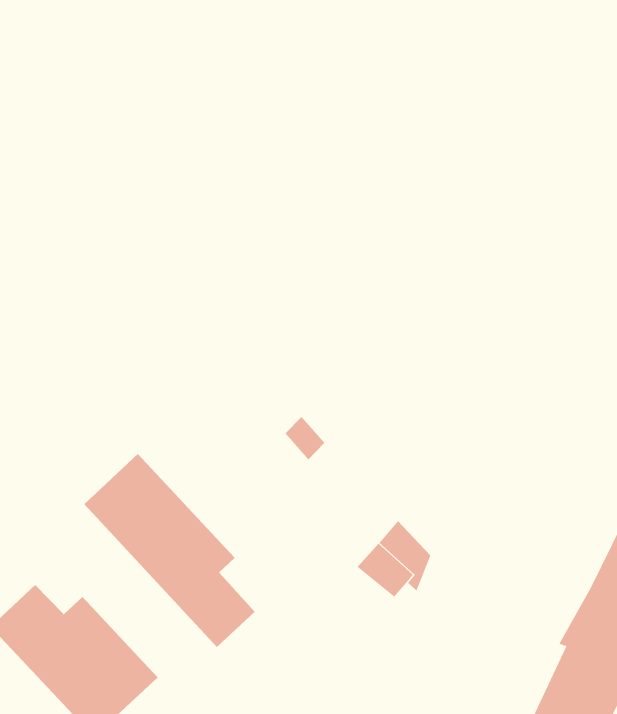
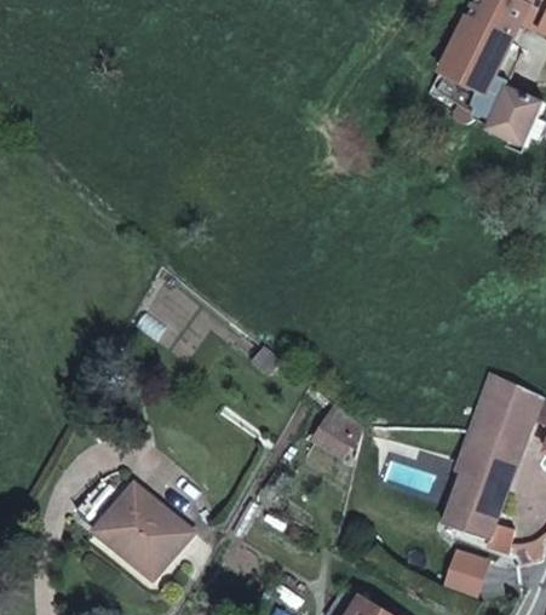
building: [83,453,255,648] -> none

